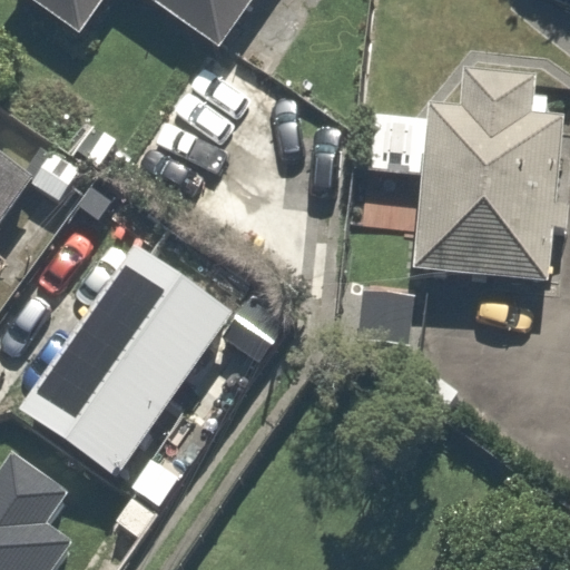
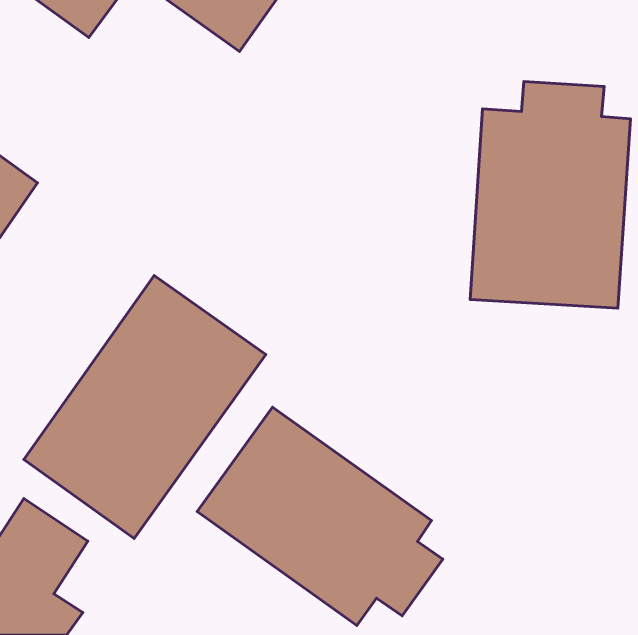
building: none -> [197,407,443,626]

